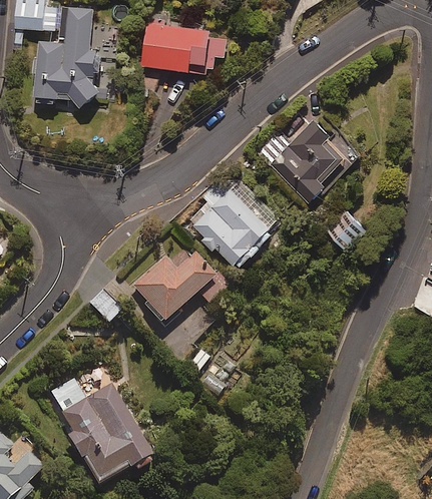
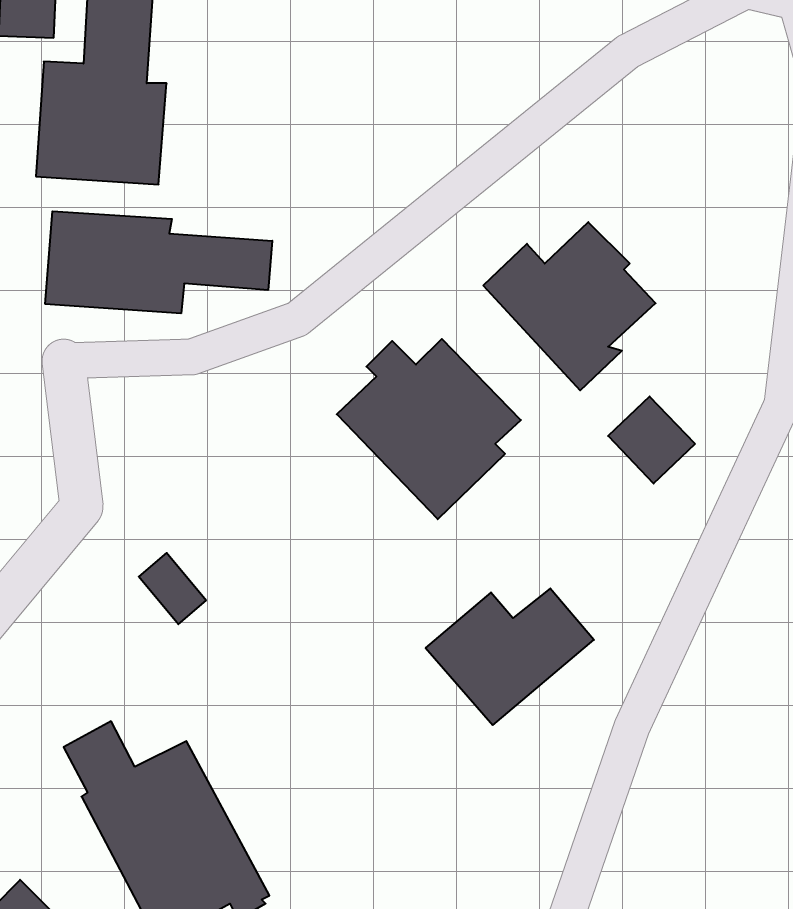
building: [140,20,230,74] -> none
building: none -> [45,211,272,313]
building: [130,254,215,323] -> [426,588,594,725]

